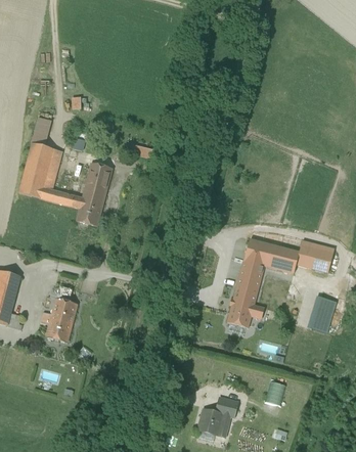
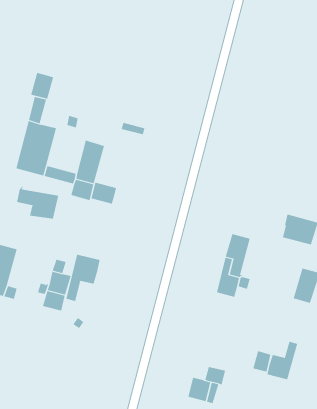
building: none -> [31,72,54,100]
building: none -> [91,182,116,205]
building: none -> [16,185,59,220]
building: [244,238,300,273] -> none
building: none -> [66,254,100,302]
building: none -> [267,341,298,380]

